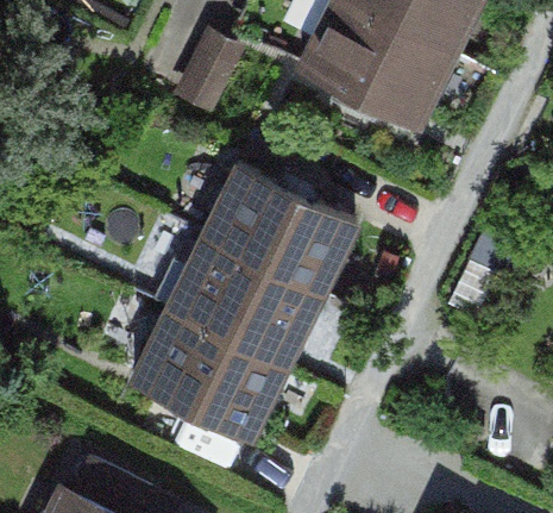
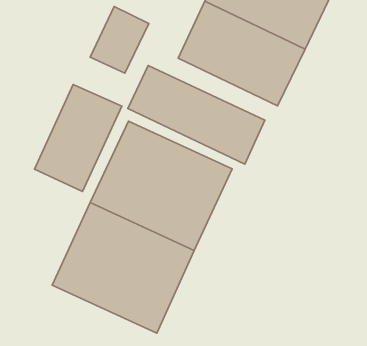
building: none -> [128,65,265,164]
building: none -> [34,84,122,191]

